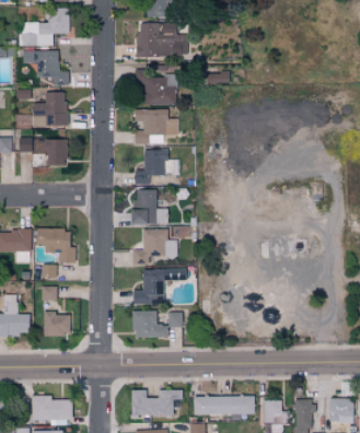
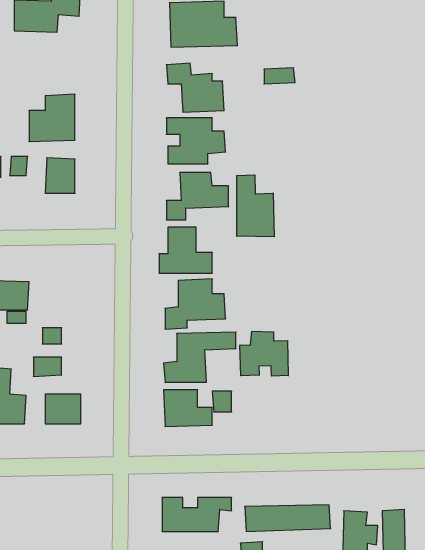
building: [23,50,69,85] -> none
building: none -> [237,175,274,237]
building: [37,229,77,262] -> none
building: none -> [240,331,288,376]
building: [32,396,73,420] -> none

